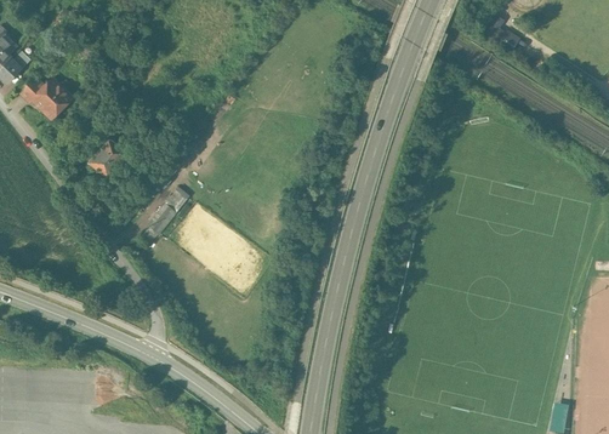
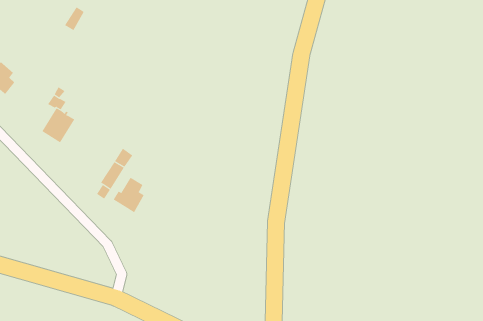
building: none -> [113,177,145,213]

